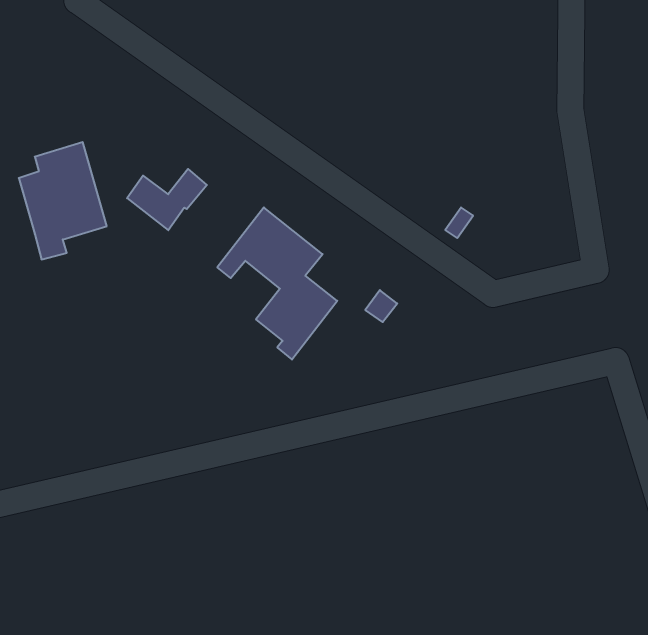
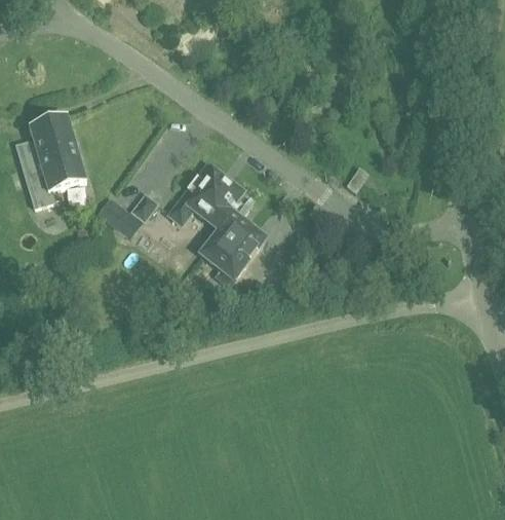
building: [127,169,207,230] -> [98,190,159,237]

